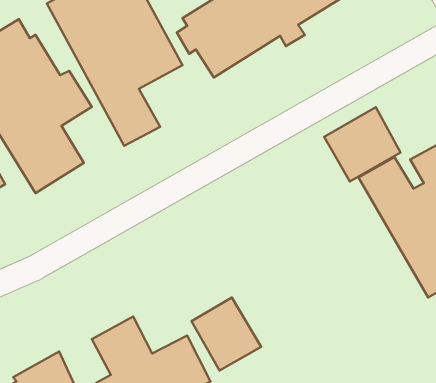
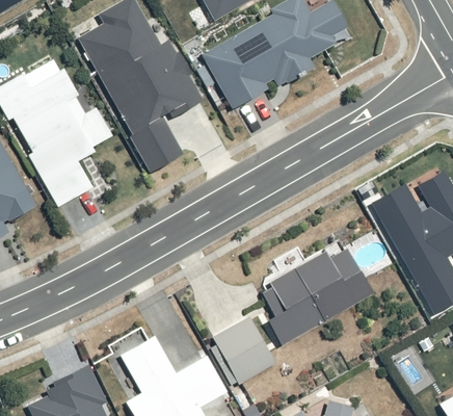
building: [324,107,401,181] -> none
building: none -> [258,238,374,342]

